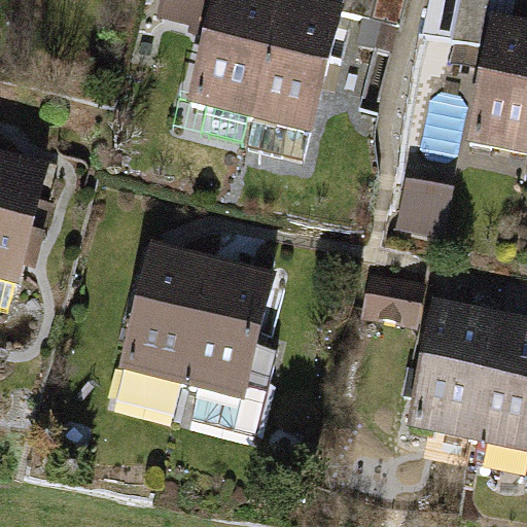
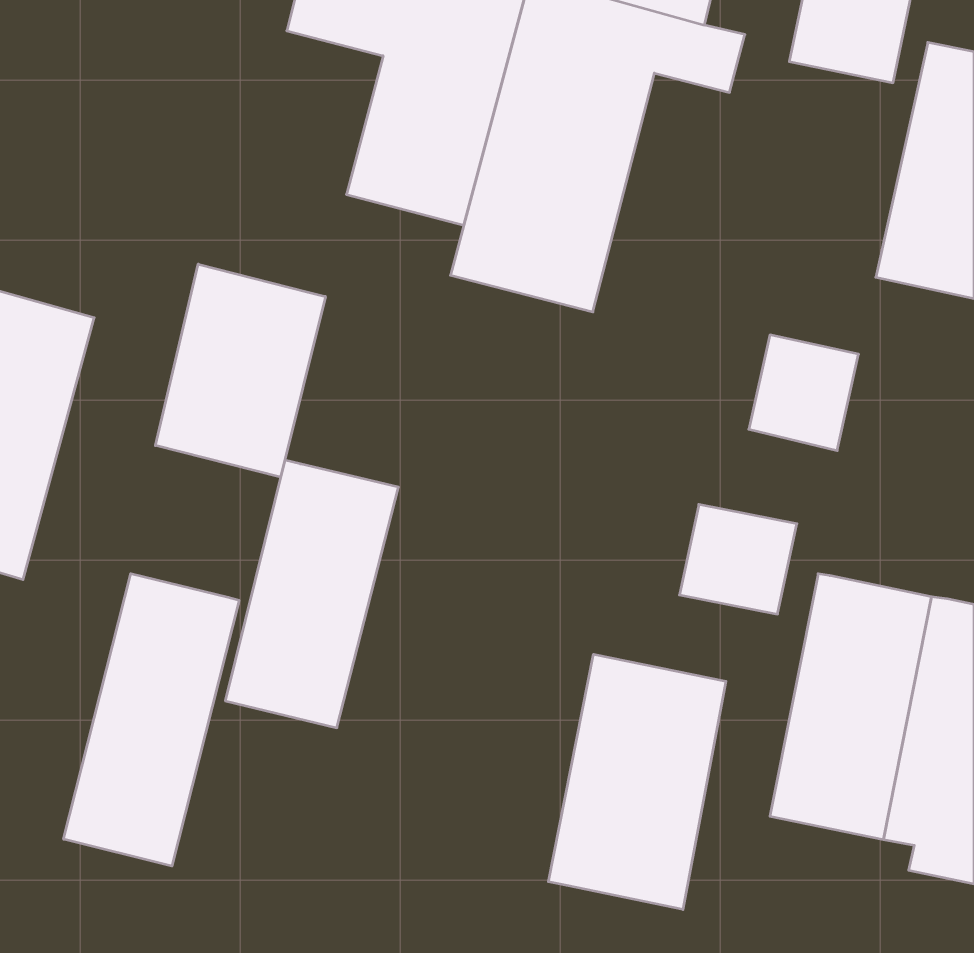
building: none -> [155,264,325,477]
building: [180,260,284,436] -> none
building: none -> [64,574,239,866]
building: none -> [548,654,726,910]

